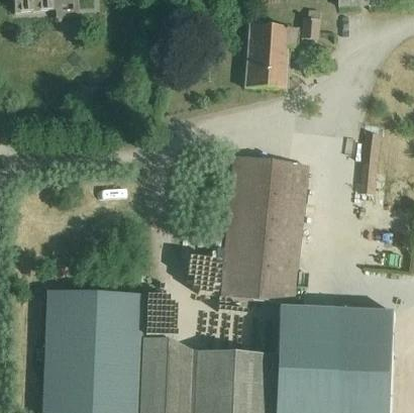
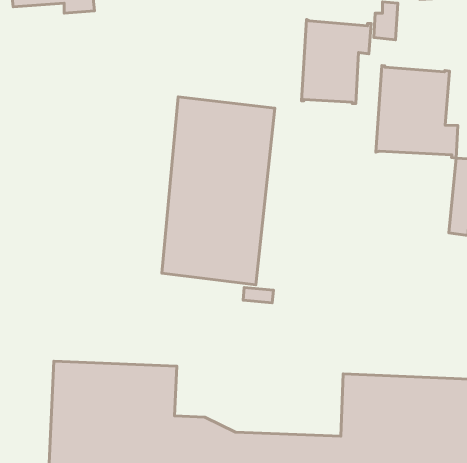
building: none -> [376,66,458,158]
building: [219,153,309,303] -> [162,97,275,285]

